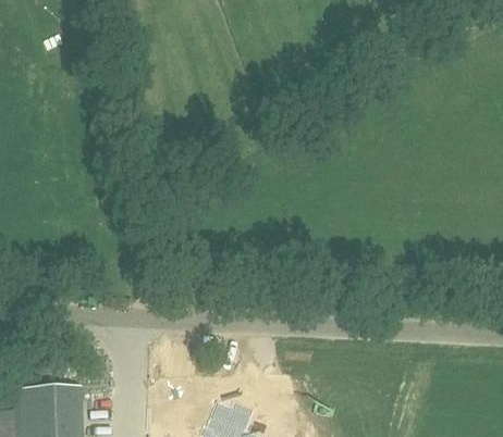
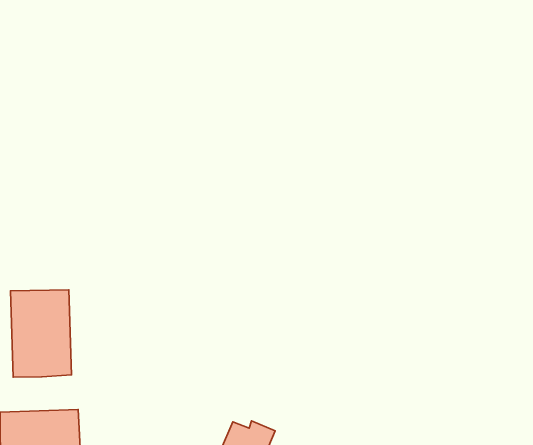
building: none -> [10,290,72,377]

